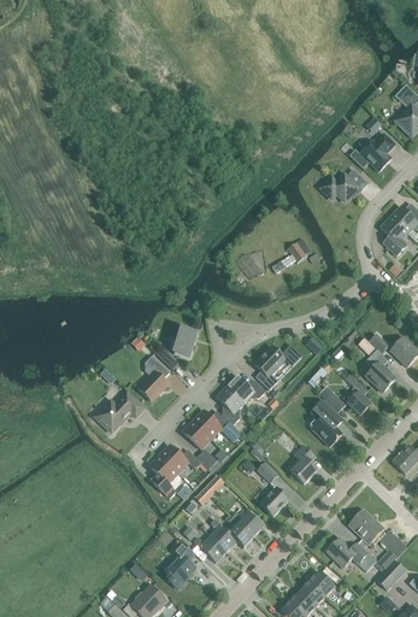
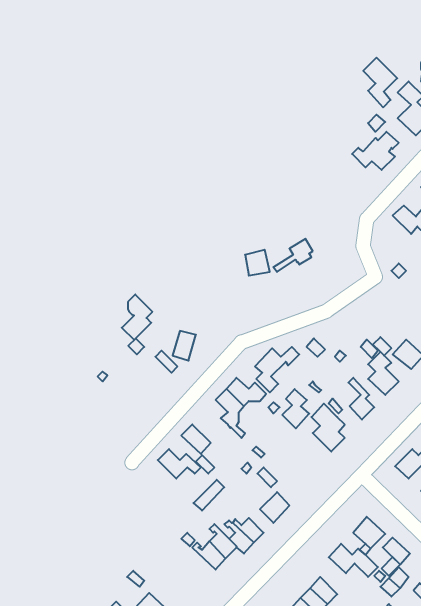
building: none -> [363,58,397,107]
building: [322,169,367,200] -> none
building: [379,216,407,255] -> none
building: [139,355,169,400] -> [122,294,152,340]
building: [95,392,143,431] -> none
building: [193,410,230,439] -> none
building: [290,446,317,484] -> [282,389,309,428]
building: [148,456,177,499] -> none
building: [165,542,194,588] -> none

